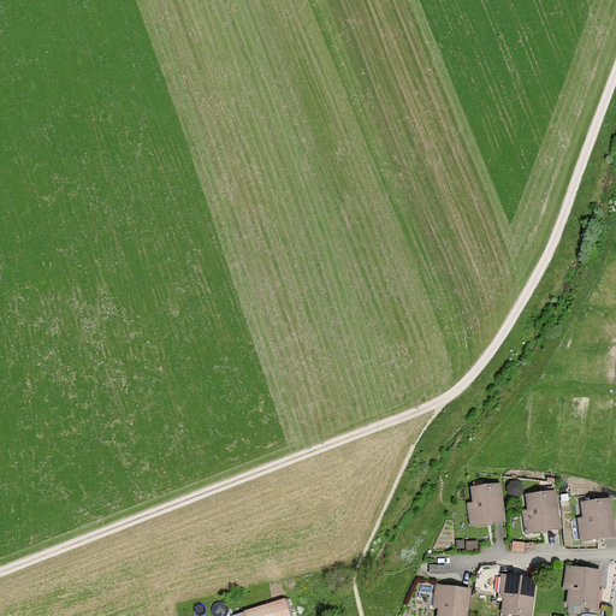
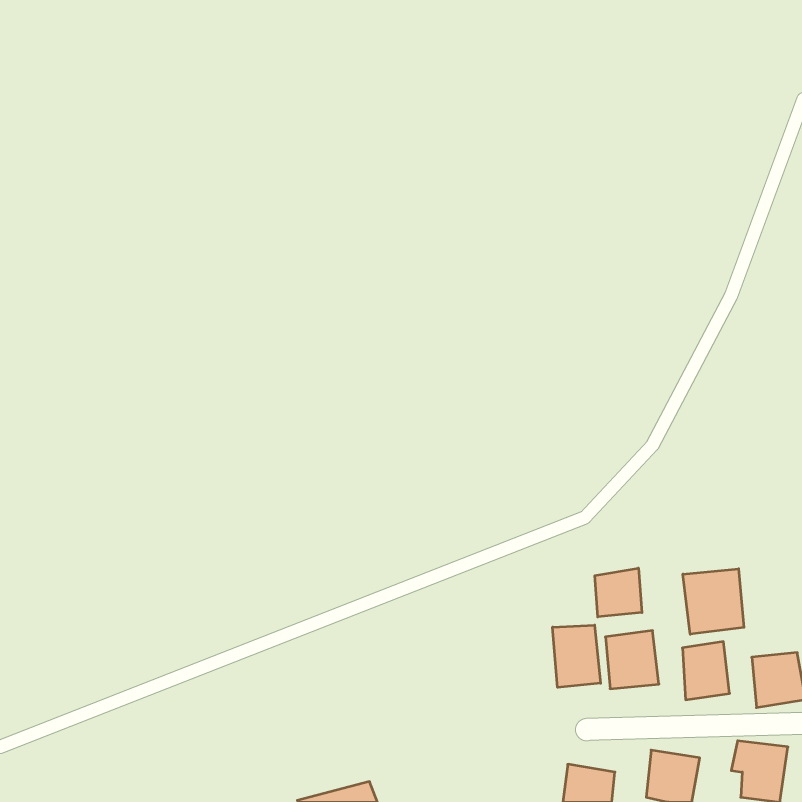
building: none -> [595,568,642,617]
building: none -> [683,569,744,634]
building: none -> [553,625,601,687]

